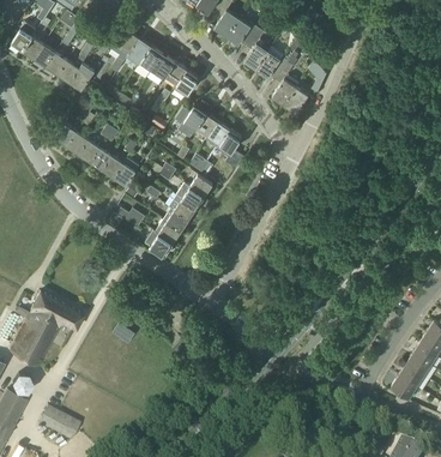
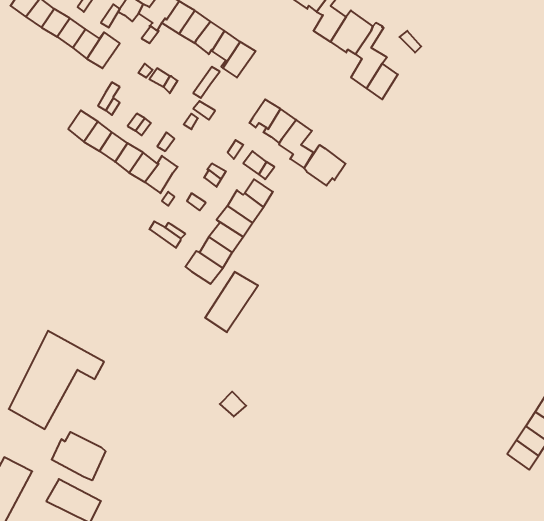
building: [176,104,206,136] -> none
building: none -> [304,145,346,186]
building: none -> [205,272,258,332]
building: none -> [52,432,106,480]

